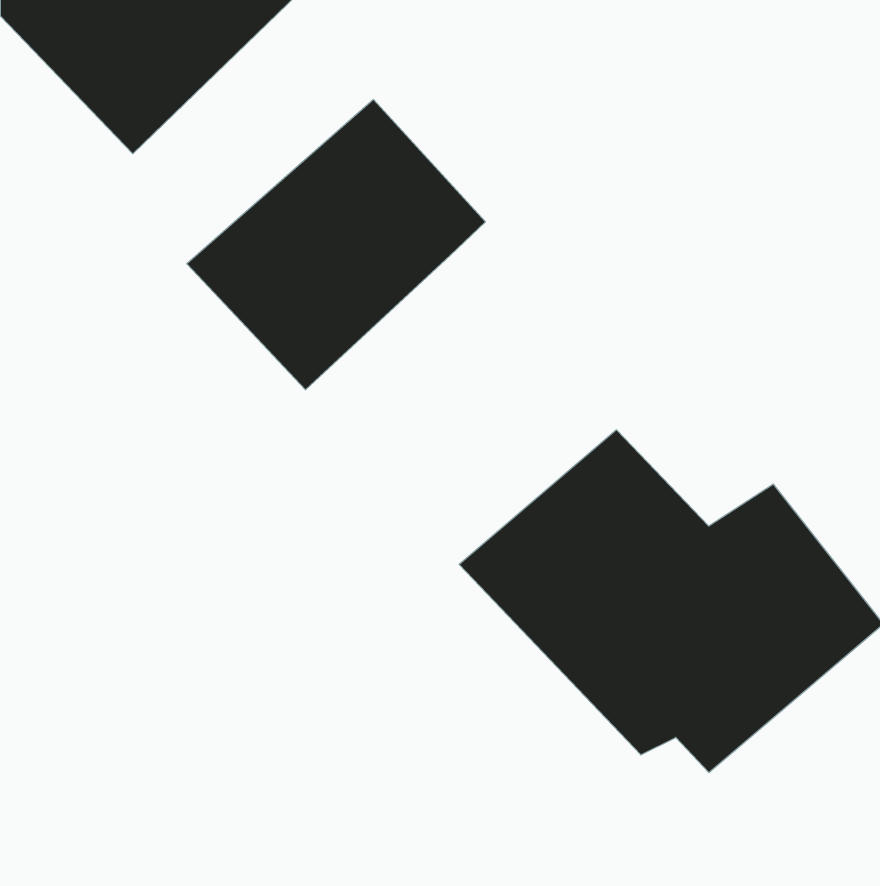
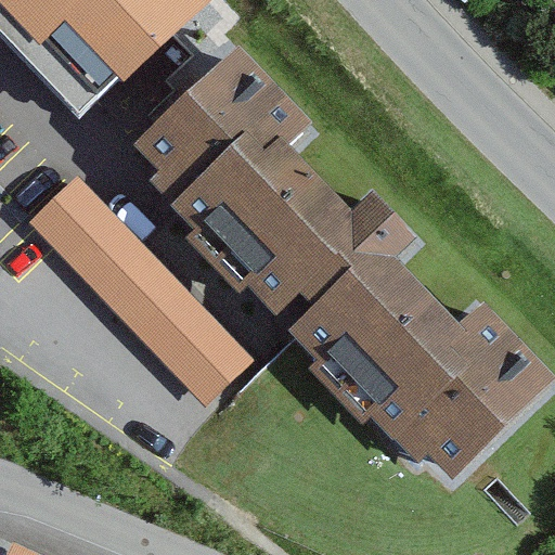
building: none -> [183,158,409,350]
building: none -> [43,178,253,393]

